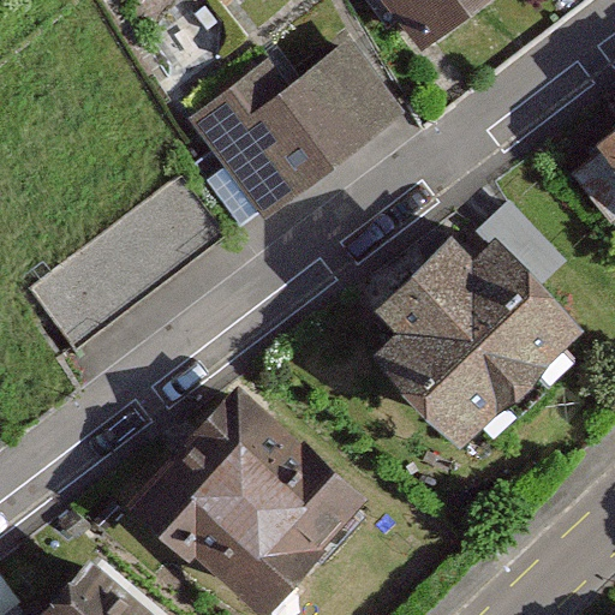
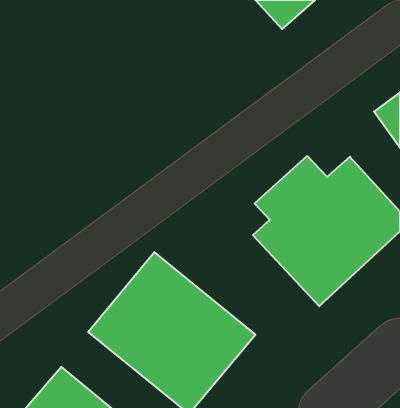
building: [180,43,400,219] -> none
building: [14,177,216,356] -> none

